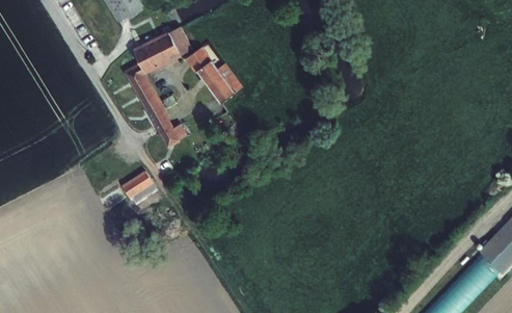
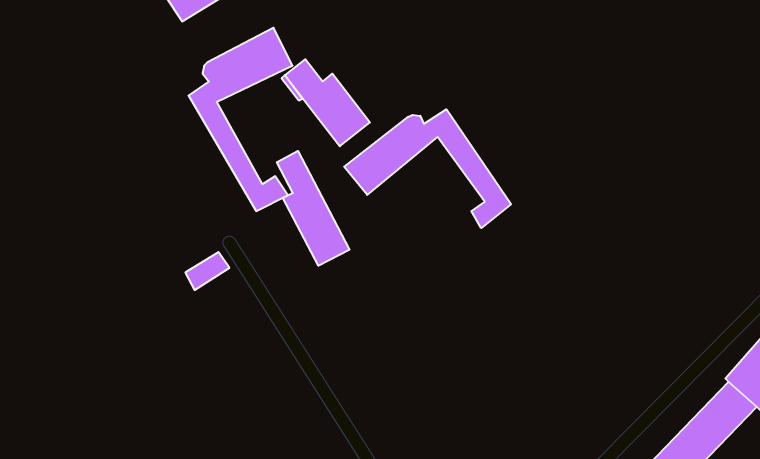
building: none -> [344,109,511,228]
building: none -> [277,151,350,266]

